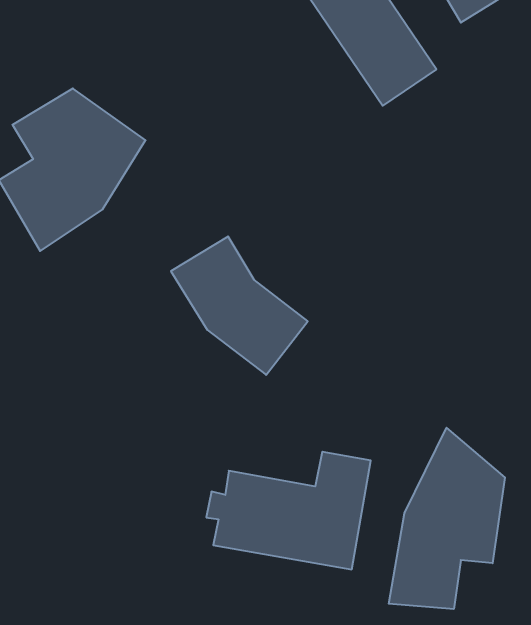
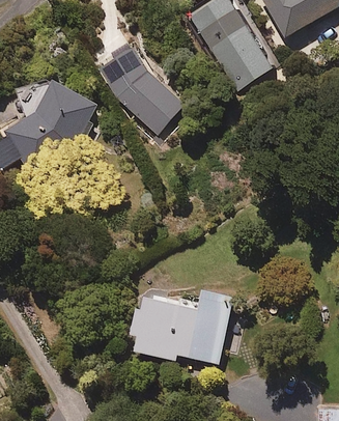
building: [171,236,308,375] -> [101,51,182,134]
building: [389,428,505,609] -> none

